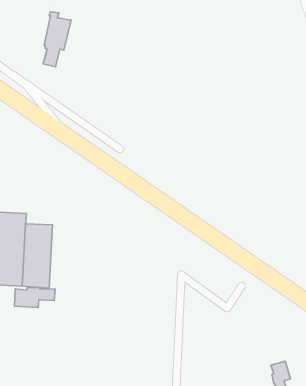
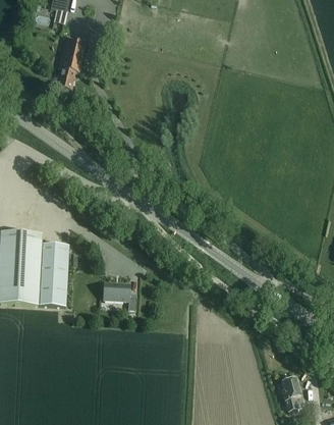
building: none -> [104,282,136,310]
building: [14,288,55,307] -> none

